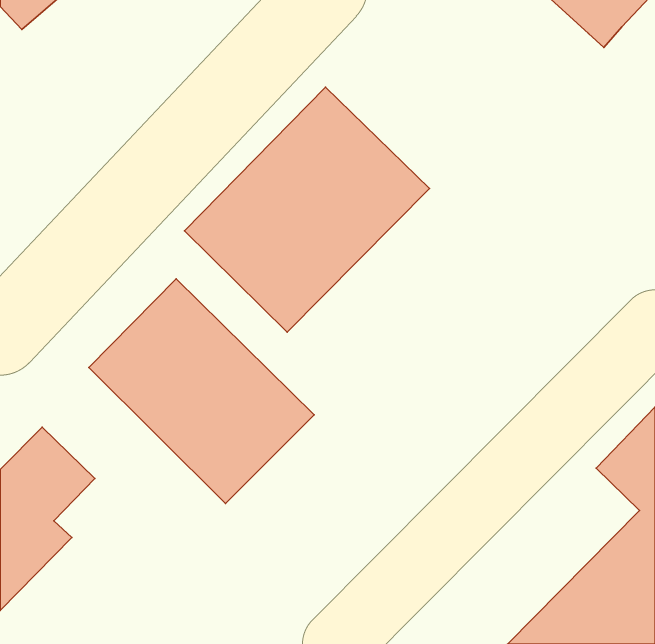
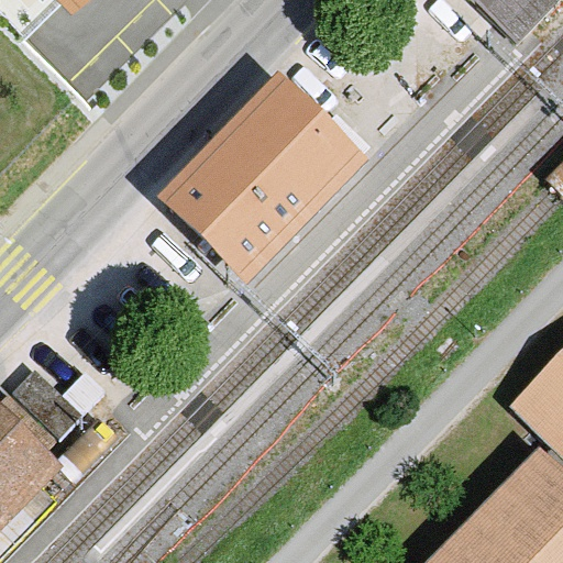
building: [89,279,314,503] -> none

